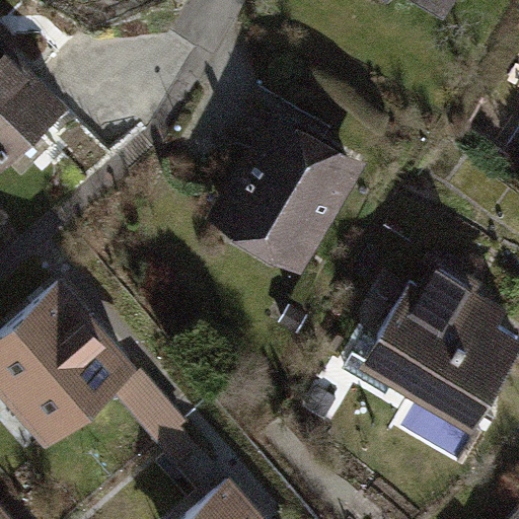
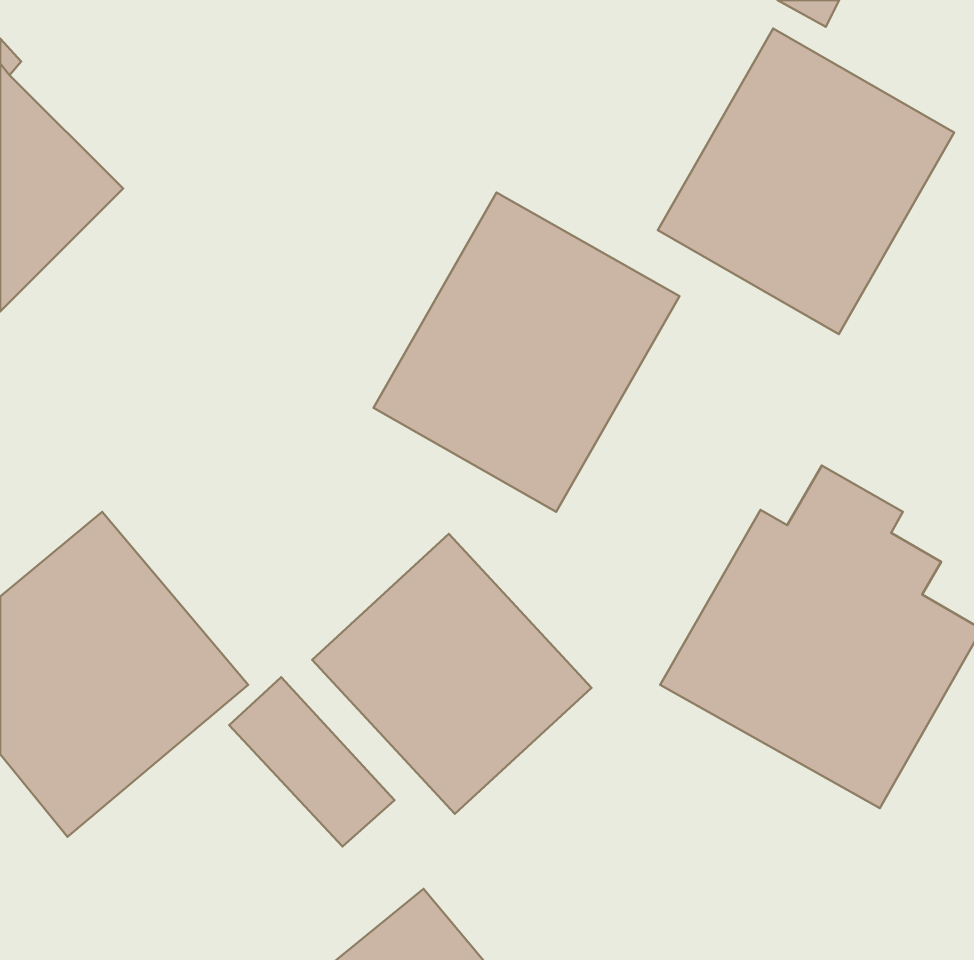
building: none -> [658,29,954,334]
building: none -> [312,534,591,814]

